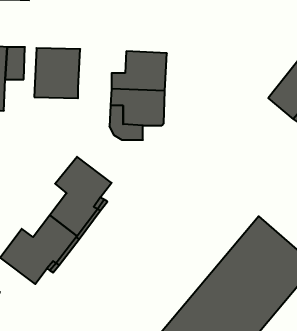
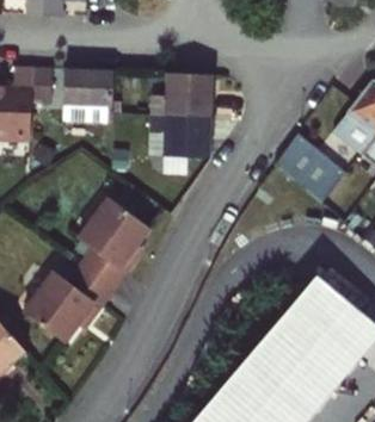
building: none -> [277,131,348,199]

